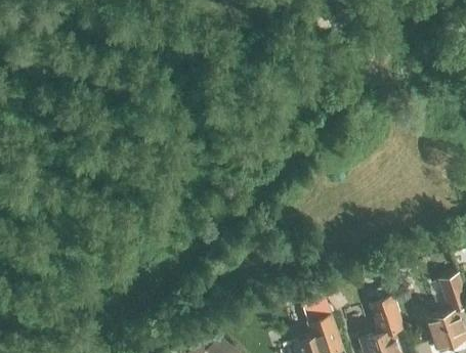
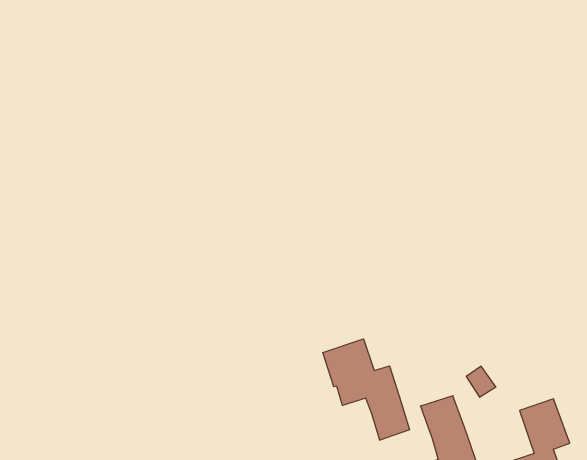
building: none -> [323,339,409,440]

